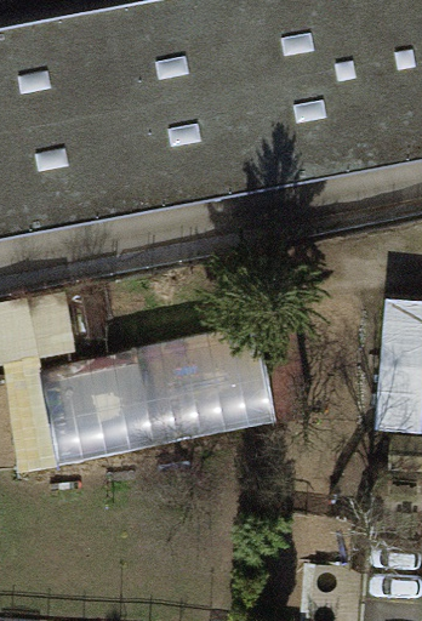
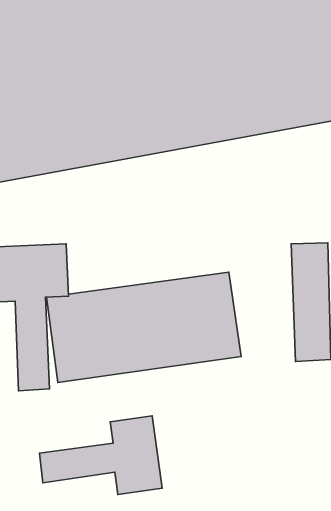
building: none -> [39,416,162,494]

